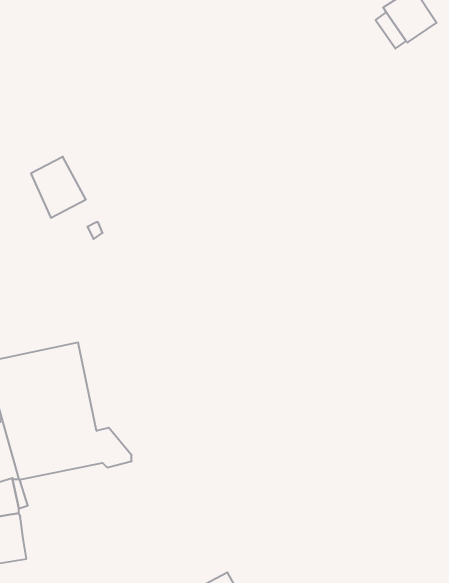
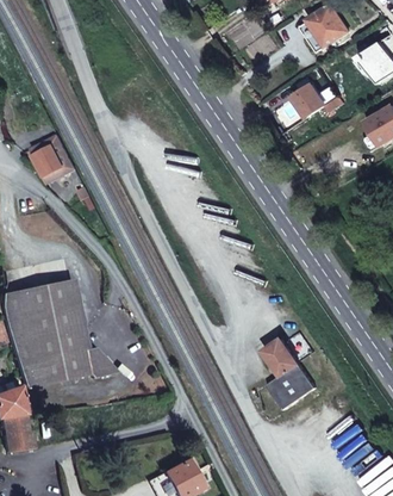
building: none -> [294,83,328,116]
building: none -> [267,337,317,409]

